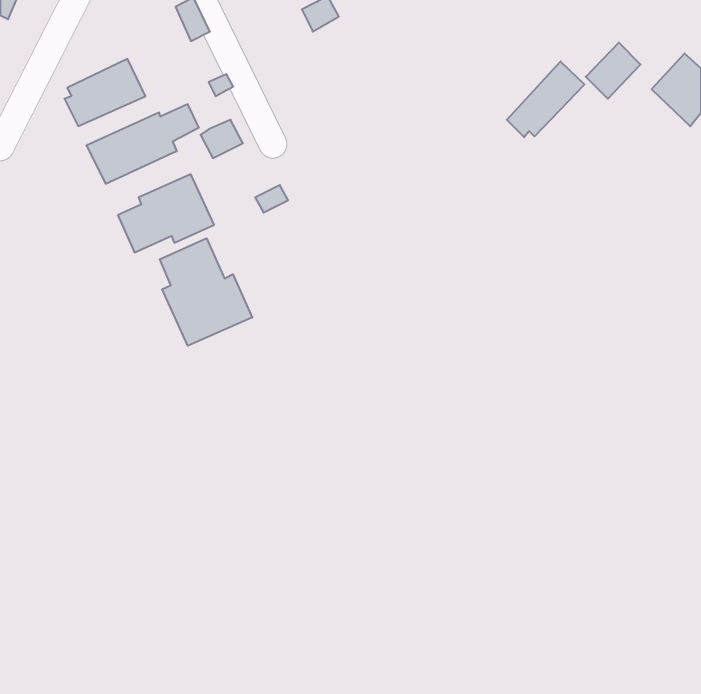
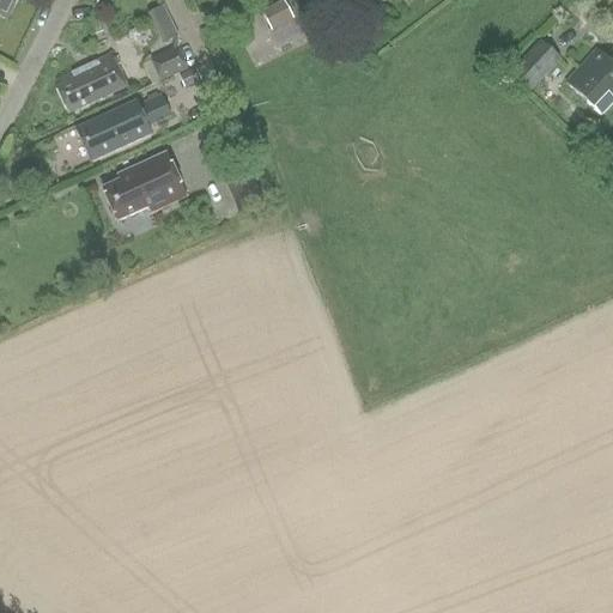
building: [507,61,584,137] -> none
building: [200,120,243,158] -> [153,44,190,78]
building: [160,238,252,346] -> none

